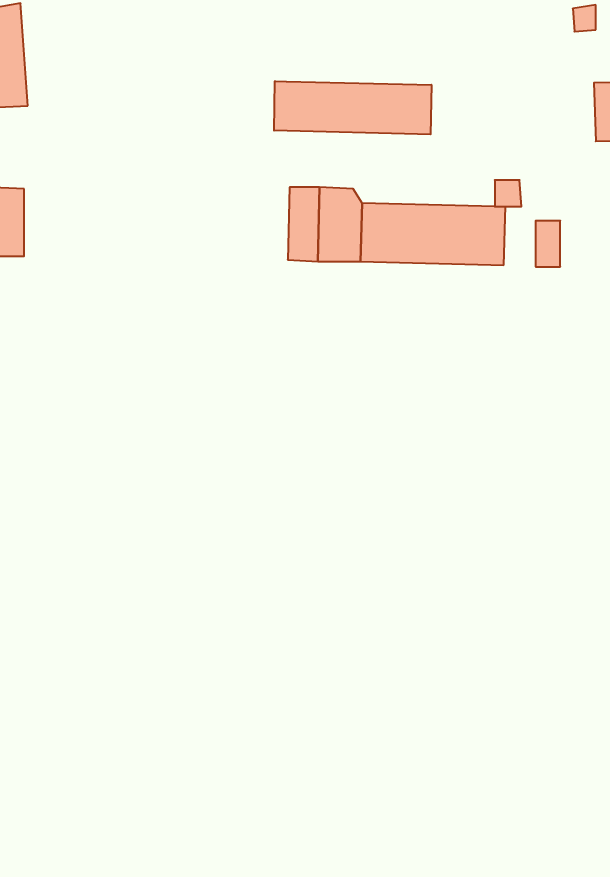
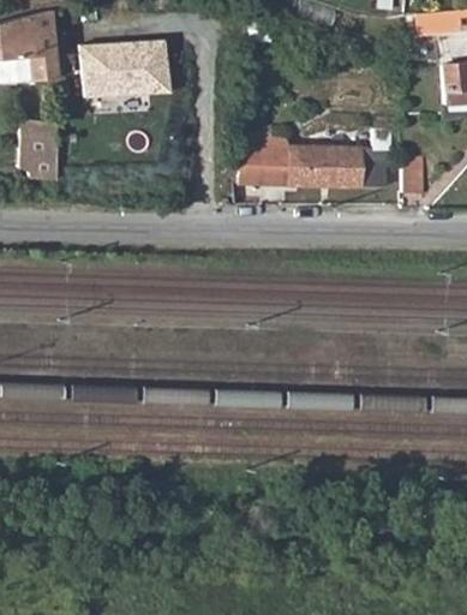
building: none -> [80,40,173,98]
building: [274,81,431,134] -> none

